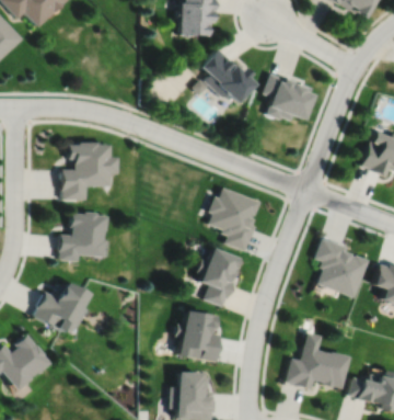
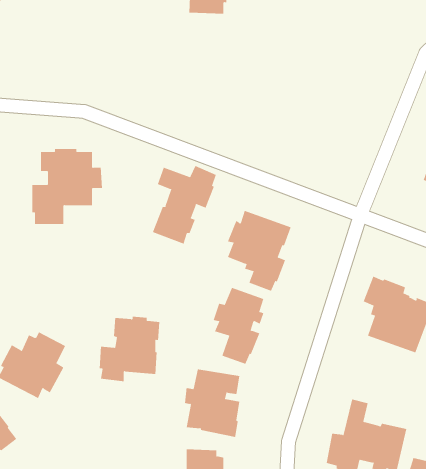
building: [201,49,253,101] -> none
building: [263,72,311,120] -> none
building: none -> [152,165,216,244]
building: [58,211,105,261] -> [99,316,160,382]

